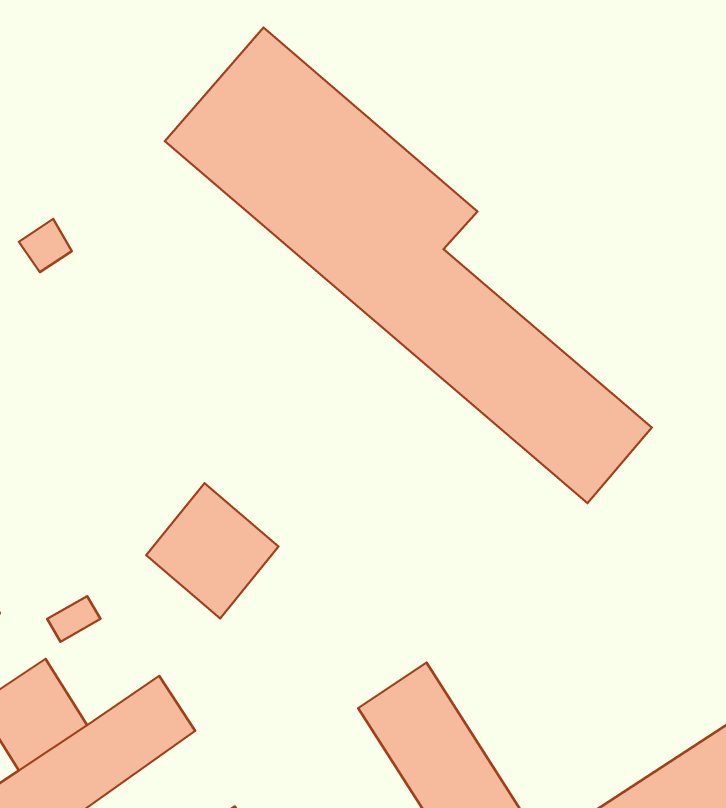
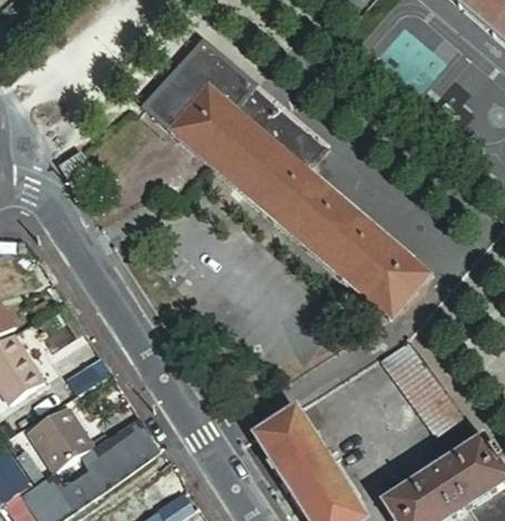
building: [146,483,279,619] -> none
building: none -> [378,341,464,435]

